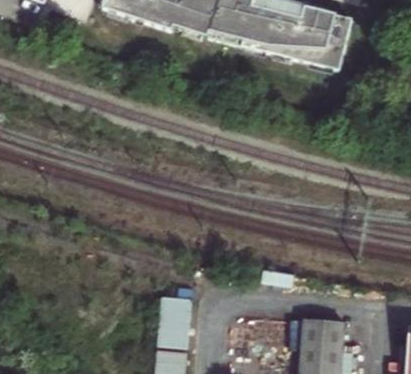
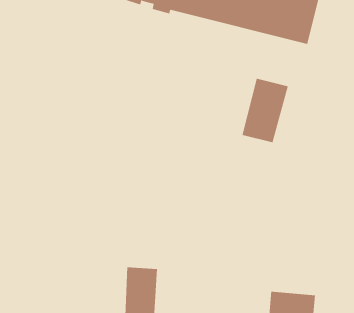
building: none -> [242,78,289,143]

